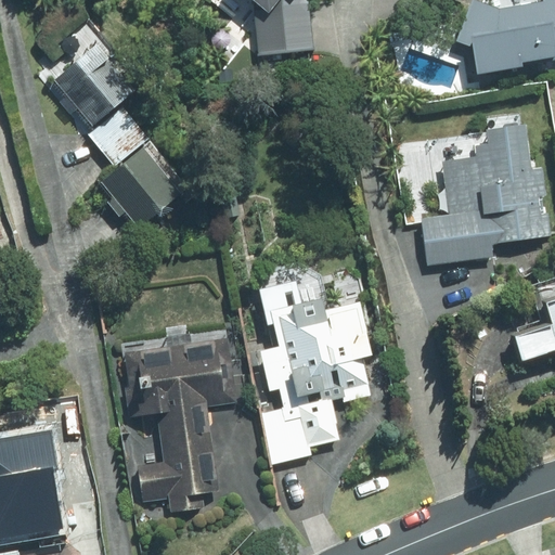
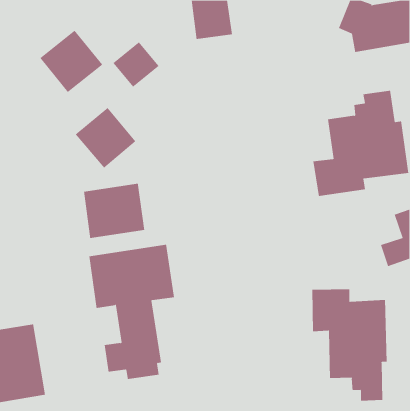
building: [87,104,150,166] -> [113,42,159,87]
building: none -> [83,183,145,239]
building: [259,280,376,463] -> none
building: none -> [312,288,387,401]

